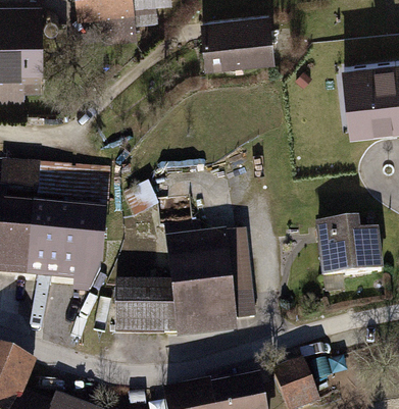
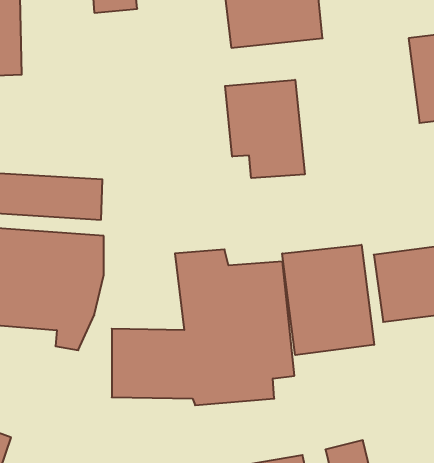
building: none -> [225,80,305,178]
building: none -> [282,245,374,355]

